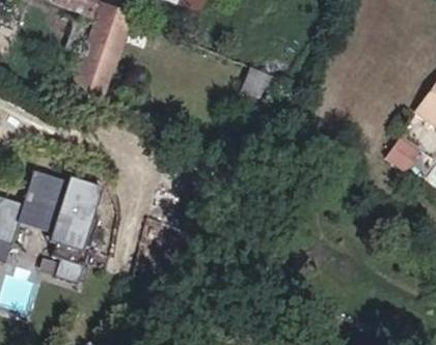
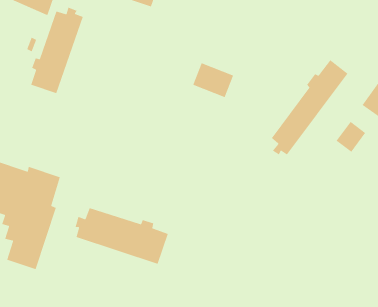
building: none -> [271,59,349,156]
building: none -> [74,207,169,265]

